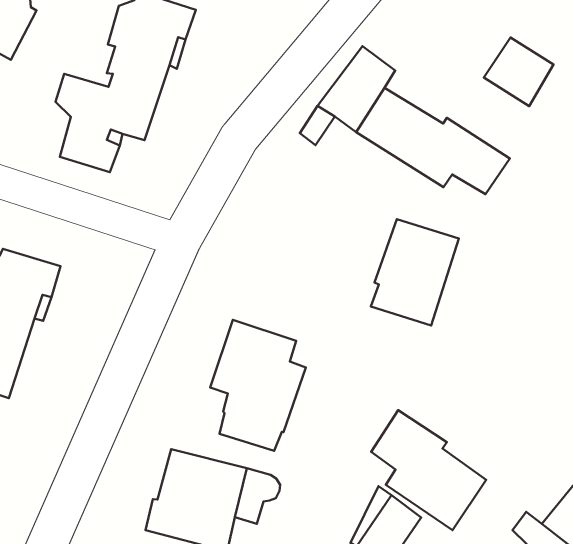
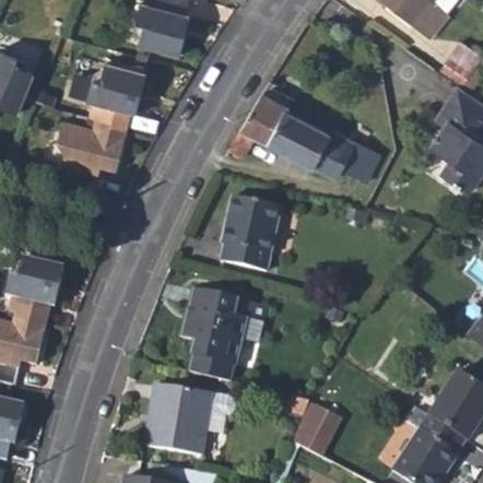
building: [484,38,554,106] -> none
building: [371,219,459,326] -> [221,197,280,271]
building: [371,410,486,530] -> none

